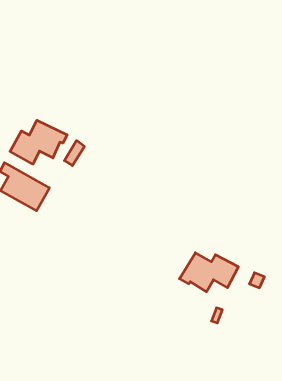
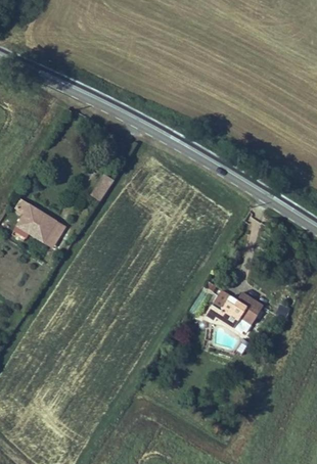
building: [10,120,67,164] -> none

